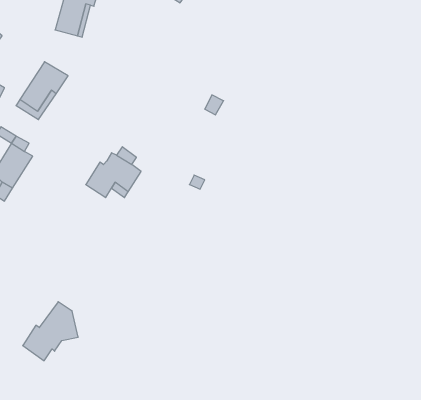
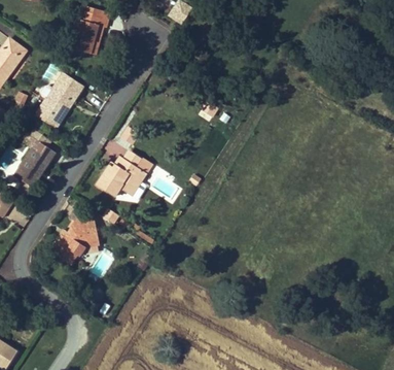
building: [23,302,78,361] -> [52,209,101,261]

